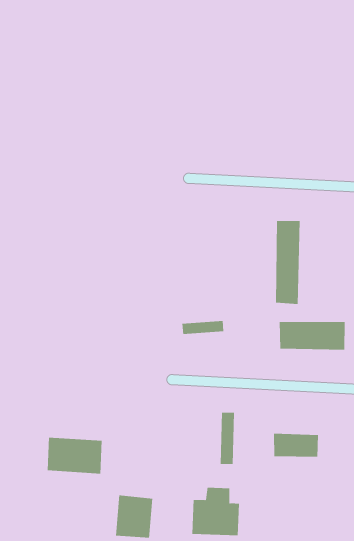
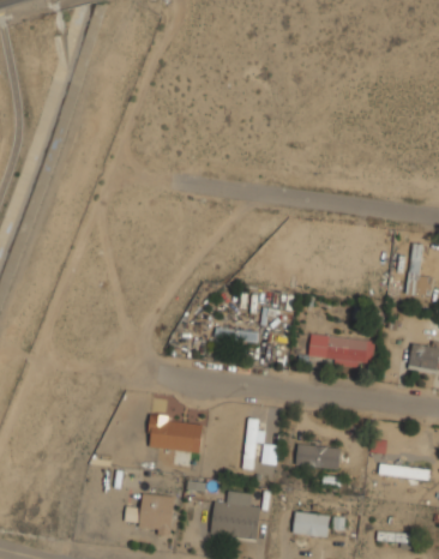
building: [275,220,300,305] -> none
building: [47,437,103,474] -> [148,414,204,453]
building: none -> [294,512,330,536]

